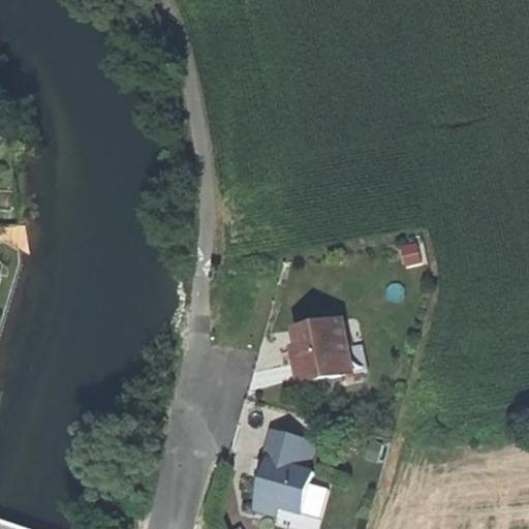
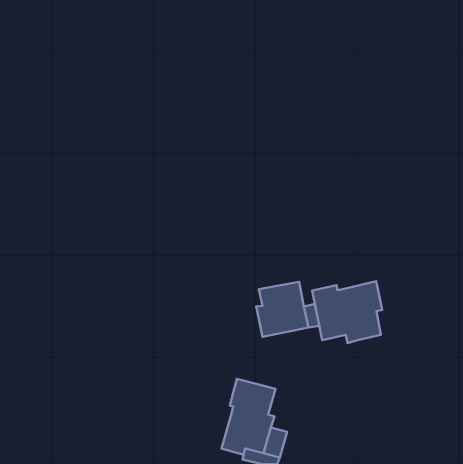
building: none -> [312,281,382,343]

